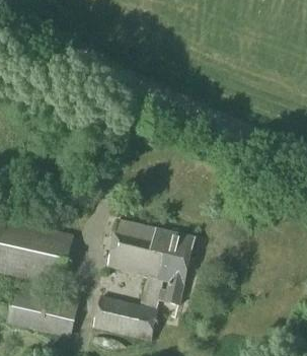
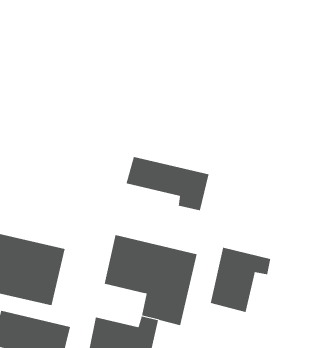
building: none -> [126,156,209,211]
building: none -> [210,247,271,313]

